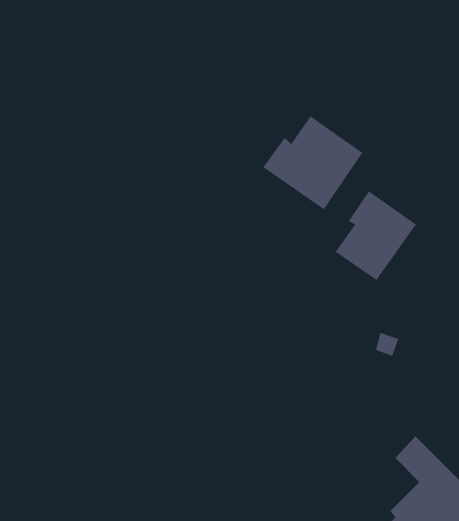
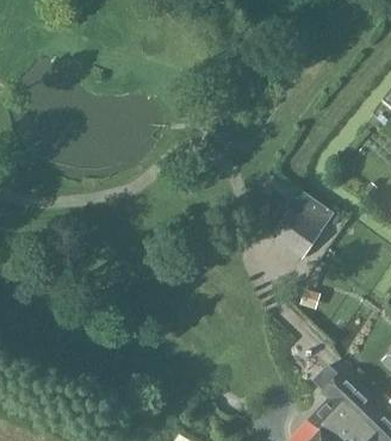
building: [263,115,363,210] -> none

